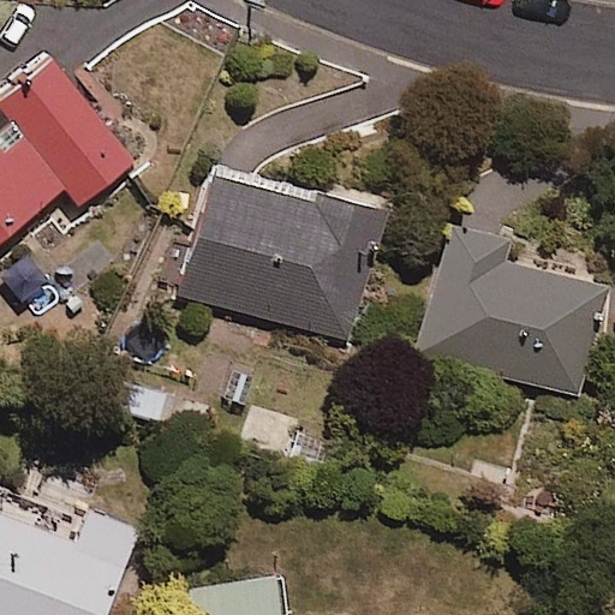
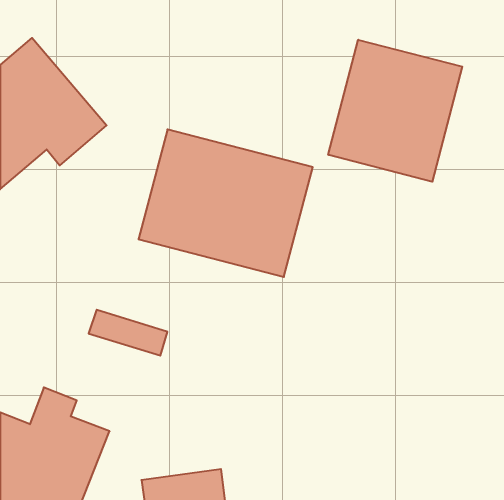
building: none -> [328,40,462,182]
building: [416,222,607,400] -> none

